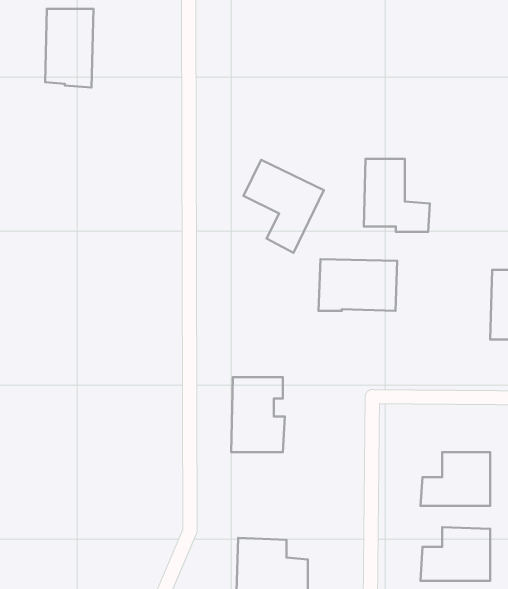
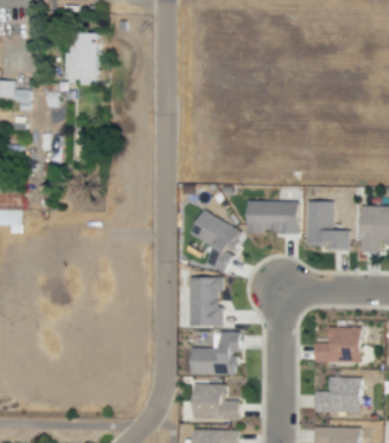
building: [364,159,430,232] -> [306,201,350,250]
building: [243,160,324,253] -> [190,211,243,272]
building: none -> [191,332,238,374]

